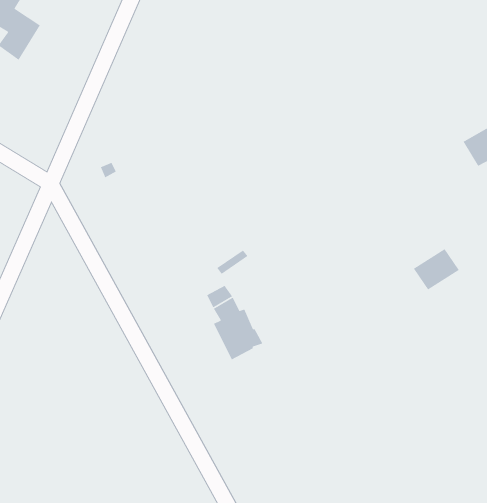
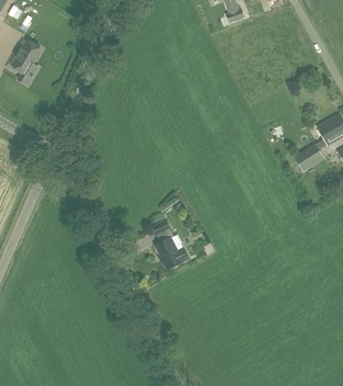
building: [413,248,460,290] -> [291,143,322,170]

